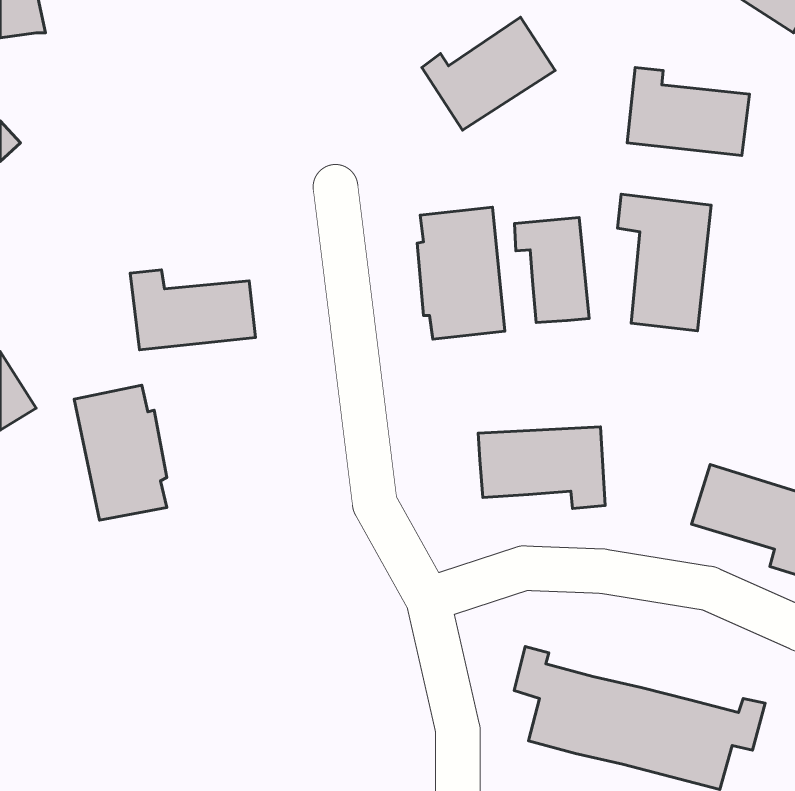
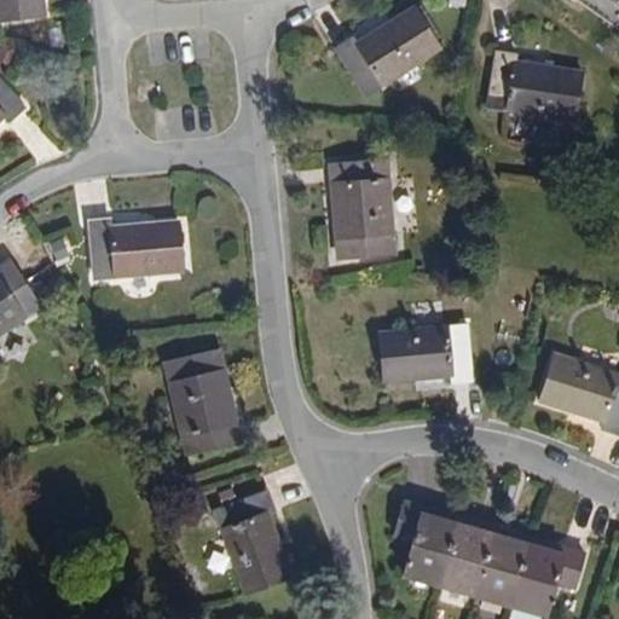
building: [618,194,711,331] -> none
building: [514,217,589,323] -> none
building: [74,385,167,520] -> [167,345,238,449]
building: none -> [202,491,284,601]

